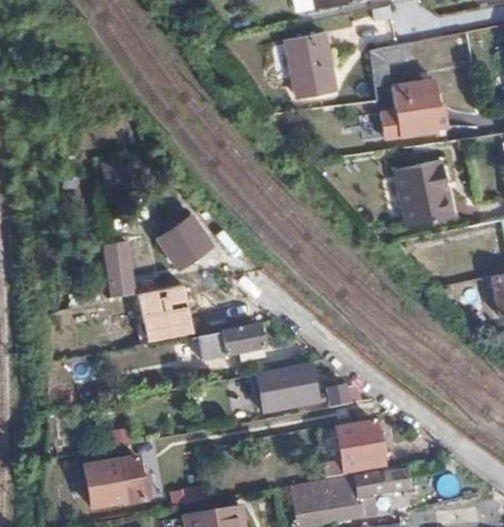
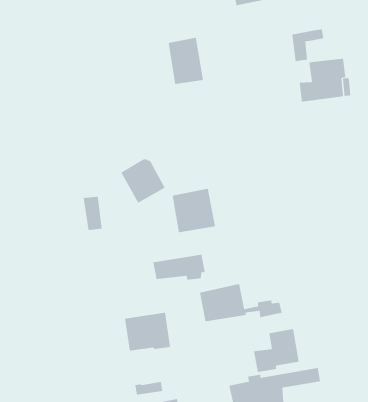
building: [289,31,334,91] -> [168,37,204,84]
building: [394,160,446,222] -> none
building: [140,284,195,341] -> [172,188,216,233]
building: [87,456,146,505] -> [124,312,171,351]

